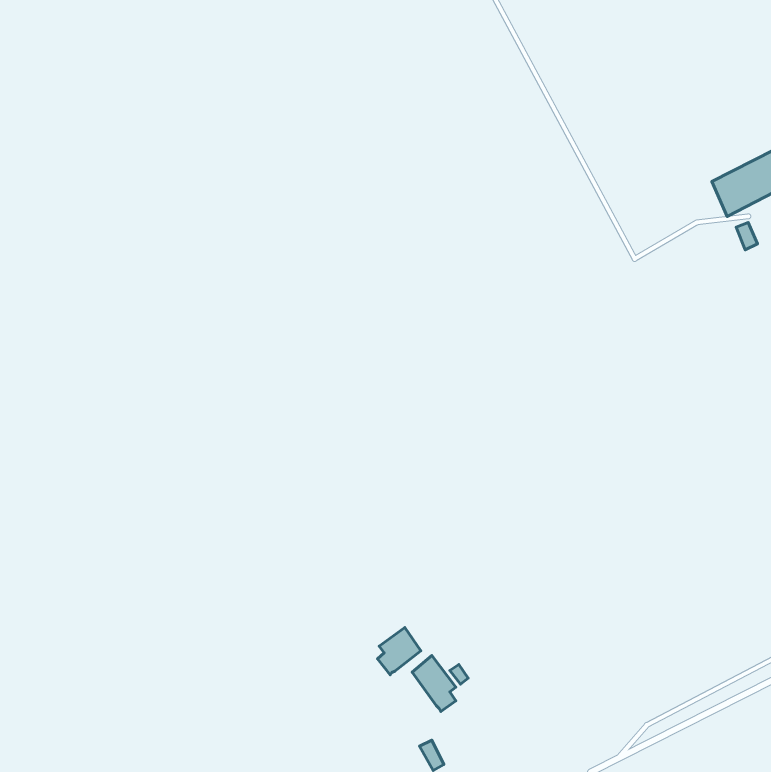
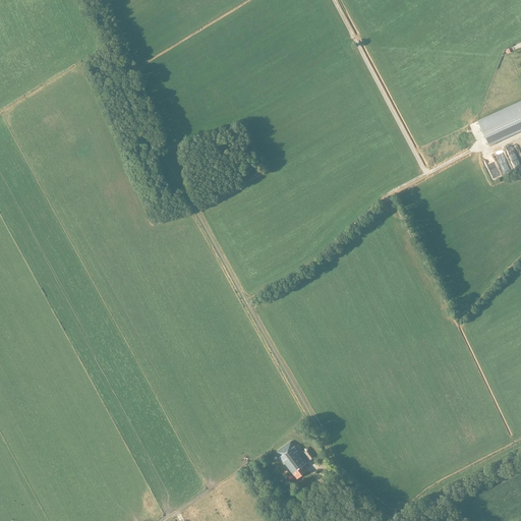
building: [378,627,421,675] -> none

